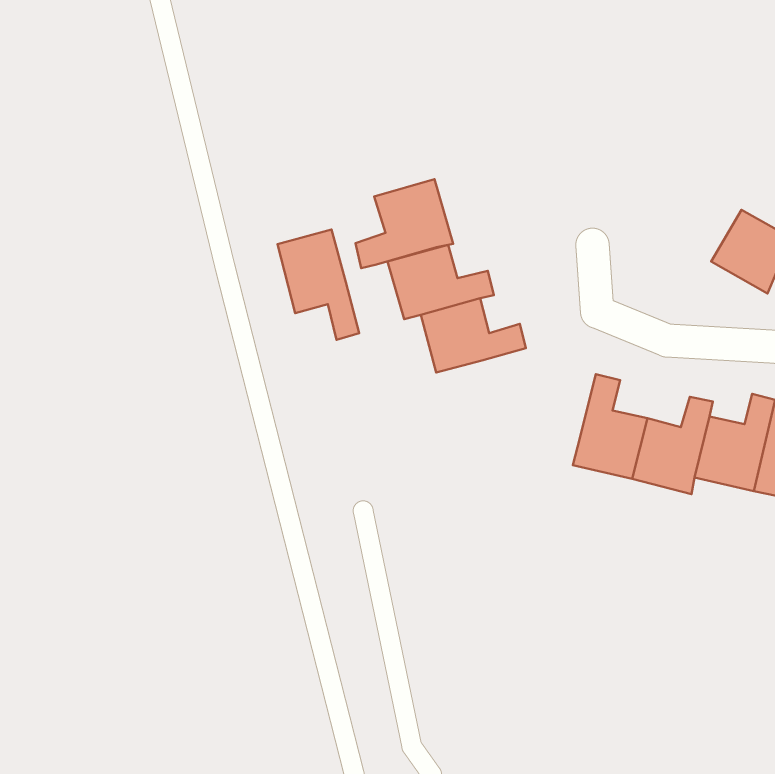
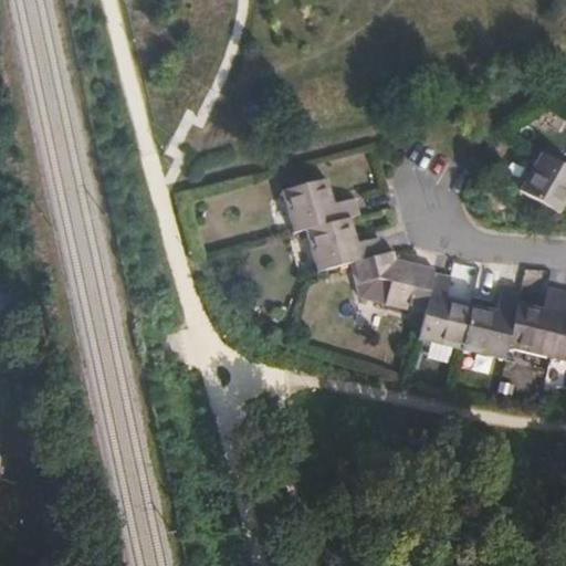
building: [355,179,453,268] -> none
building: [277,229,359,340] -> none
building: none -> [352,251,434,325]

